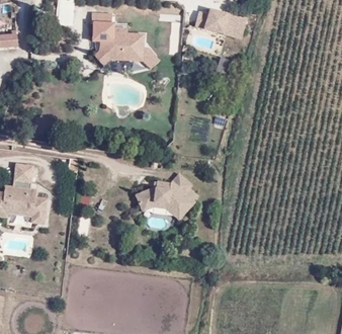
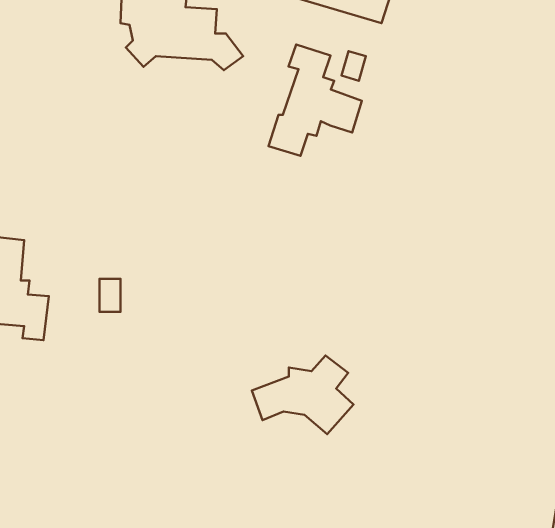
building: none -> [269,45,362,156]
building: [138,174,196,220] -> [252,355,354,434]

